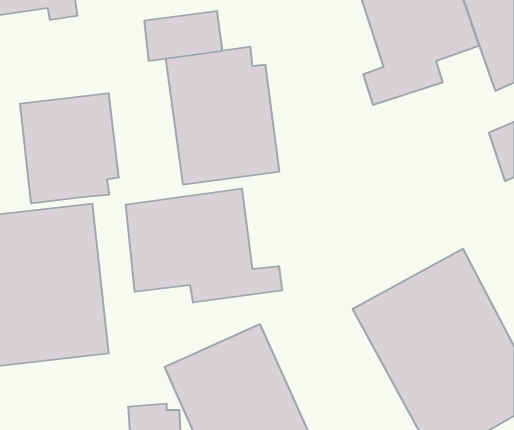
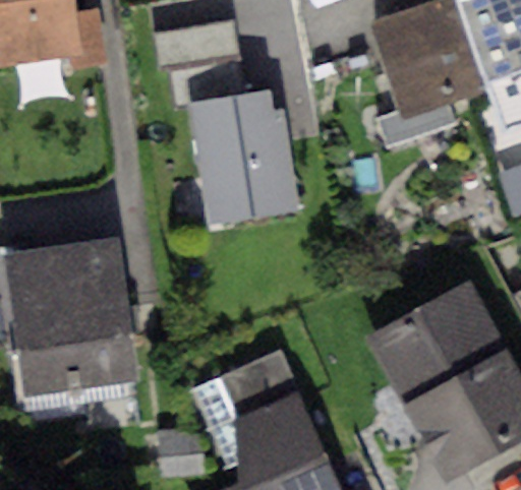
building: [20,93,119,203] -> none
building: [126,188,282,303] -> none

